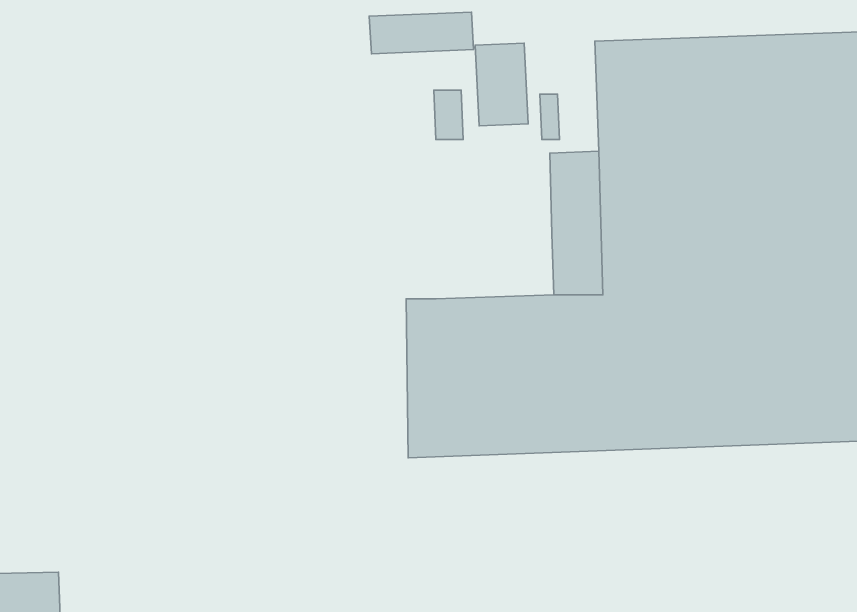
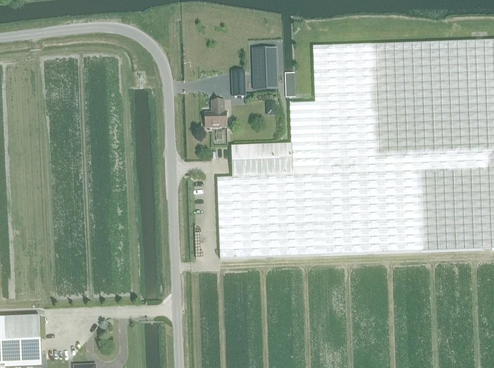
building: [369,12,474,54] -> none
building: none -> [205,99,227,126]
building: none -> [231,143,292,176]

